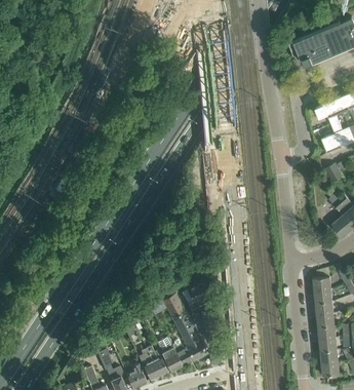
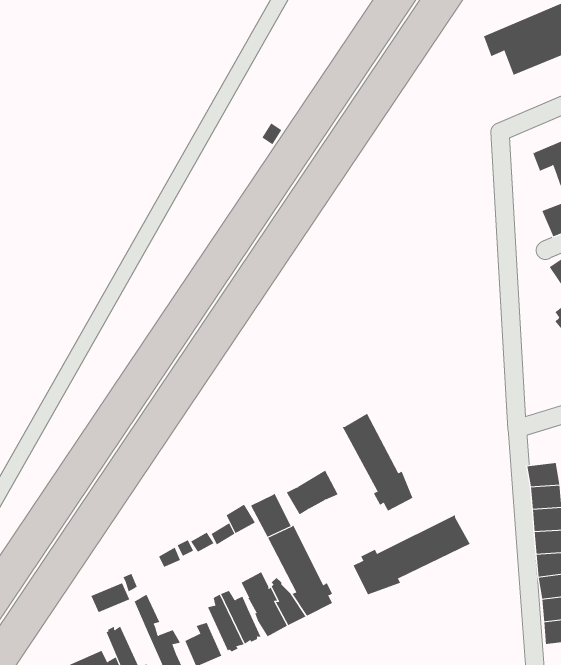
building: none -> [342,413,413,512]
building: none -> [353,514,470,595]

